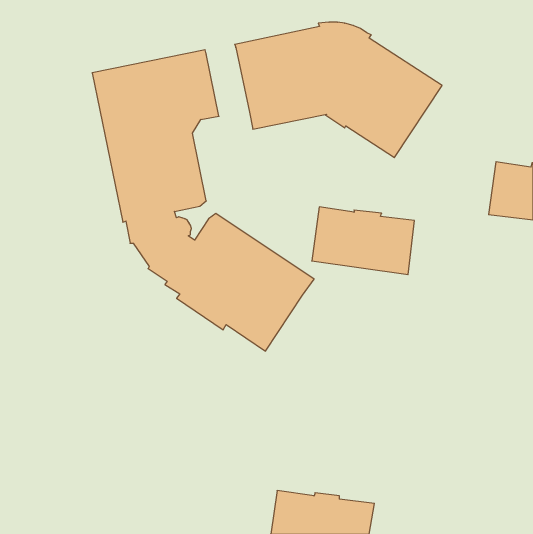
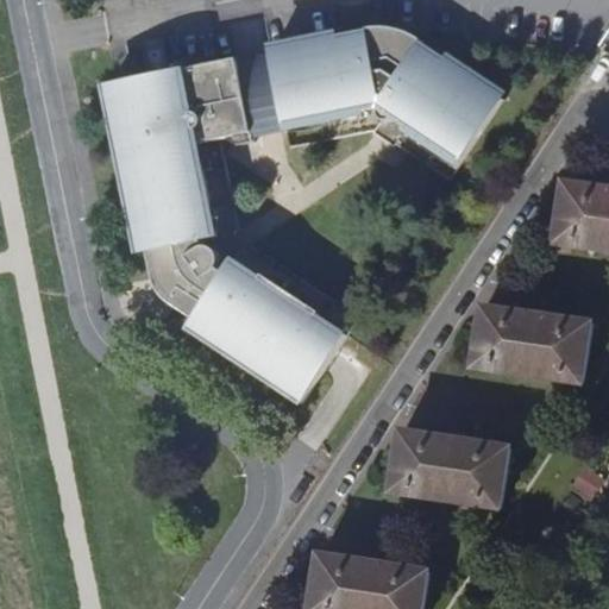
building: none -> [232,54,281,133]
building: [312,207,414,275] -> [467,304,583,381]
building: none -> [384,429,502,504]

